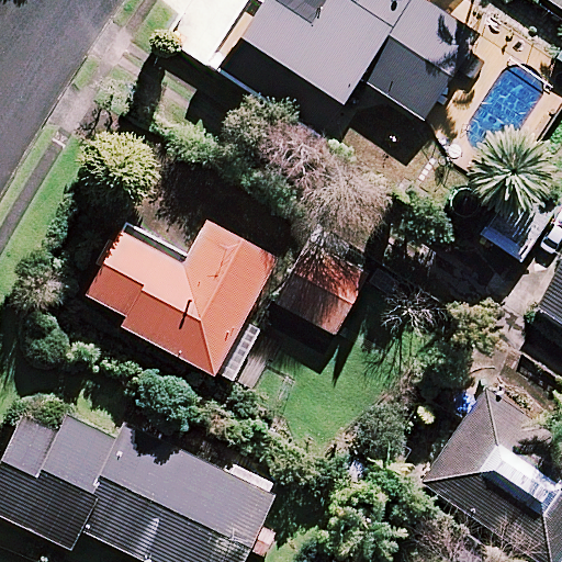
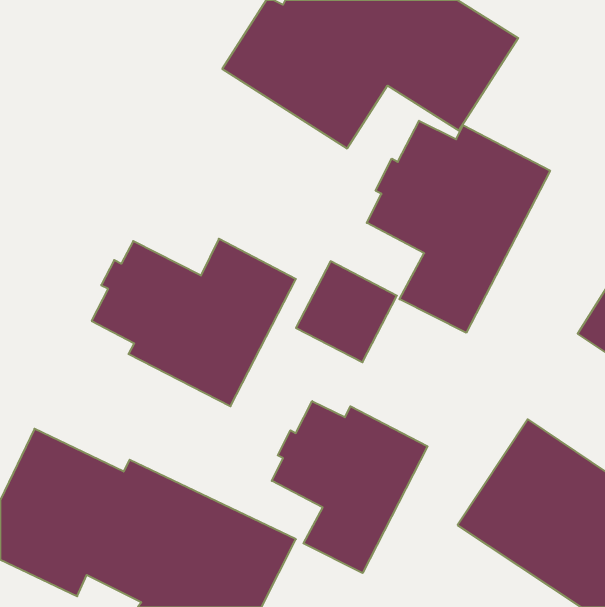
building: none -> [367,121,550,333]
building: none -> [272,401,428,573]

